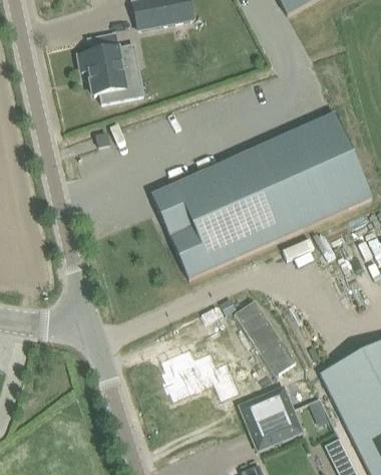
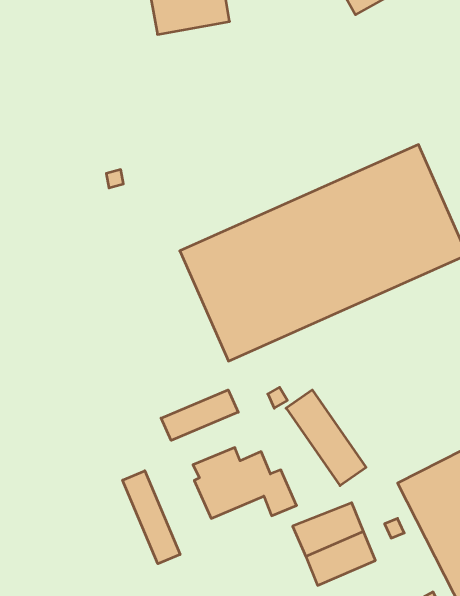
building: [78,33,142,101] -> none
building: none -> [161,390,238,440]
building: none -> [123,471,180,564]

